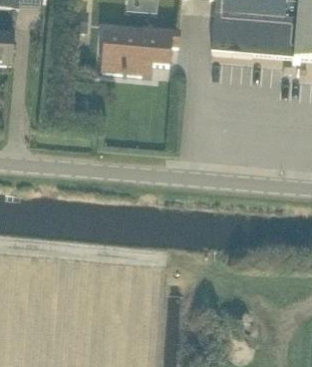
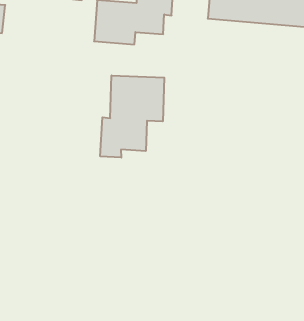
building: none -> [100,75,164,158]

